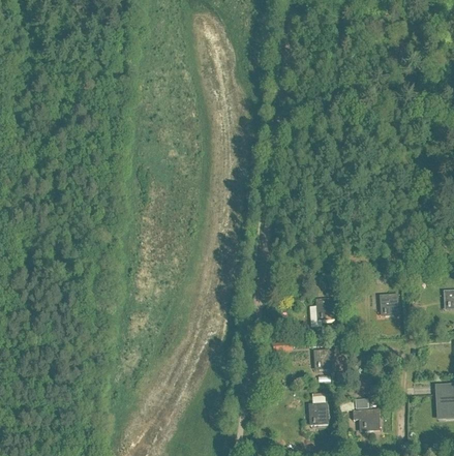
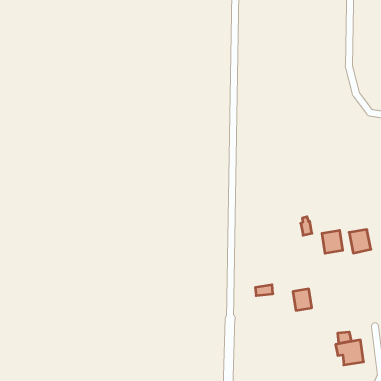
building: [315,298,335,320] -> [322,230,343,253]
building: [309,402,328,425] -> none

